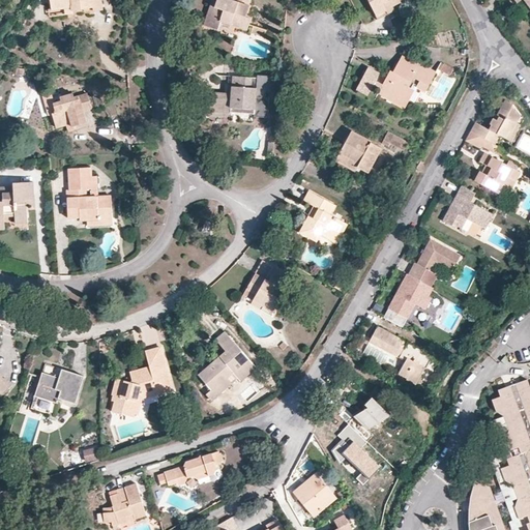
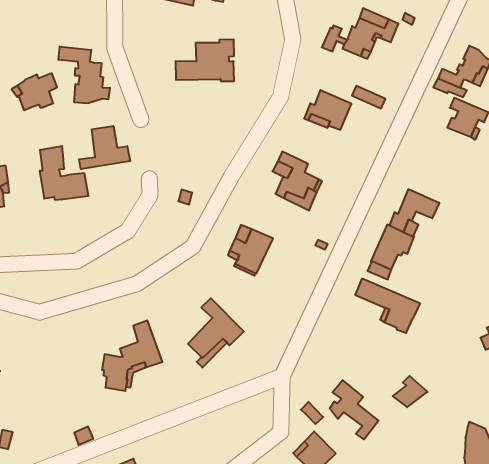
building: none -> [59,46,110,103]
building: none -> [79,126,130,169]
building: [446,185,494,230] -> none
building: [30,370,83,410] -> none
building: [354,399,389,430] -> [393,376,428,407]
building: [161,450,220,484] -> none

